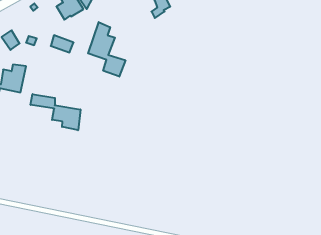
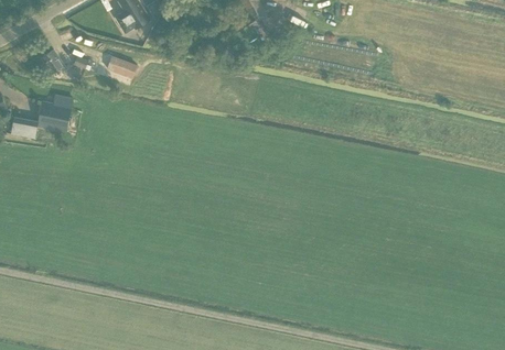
building: [88,22,125,77] -> none
building: [31,94,80,130] -> none

